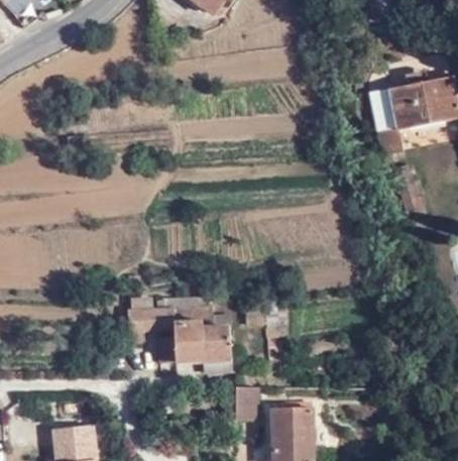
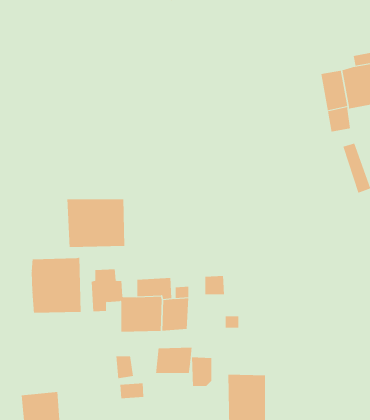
building: none -> [67,198,125,248]
building: none -> [31,257,81,314]
building: none -> [155,347,192,374]

